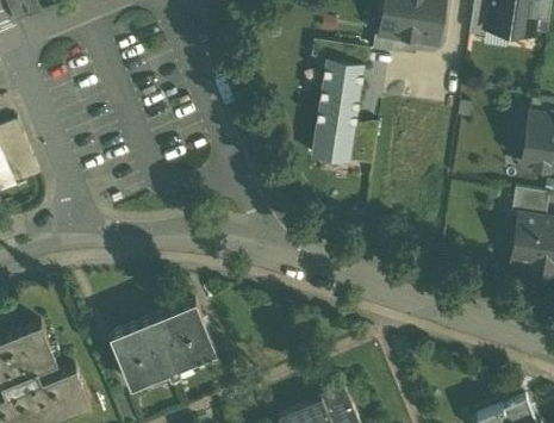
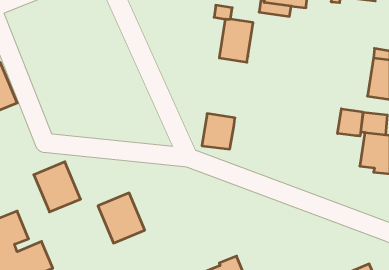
building: [310,113,355,162] -> [202,114,235,149]
building: none -> [338,109,363,136]
building: [107,317,172,386] -> [34,162,81,212]

